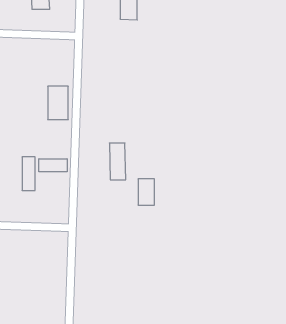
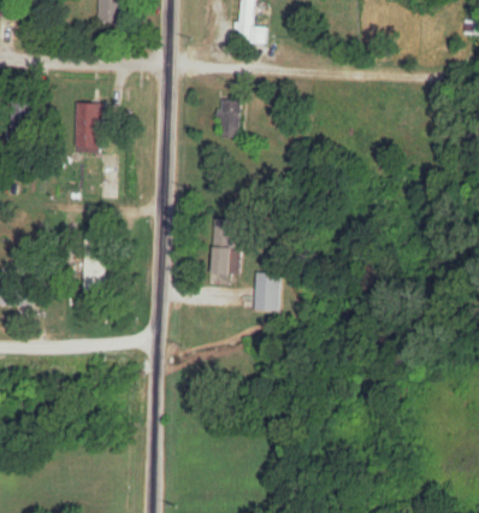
building: none -> [217,99,238,137]
building: [48,86,68,120] -> [75,102,105,152]
building: [39,159,67,172] -> none

